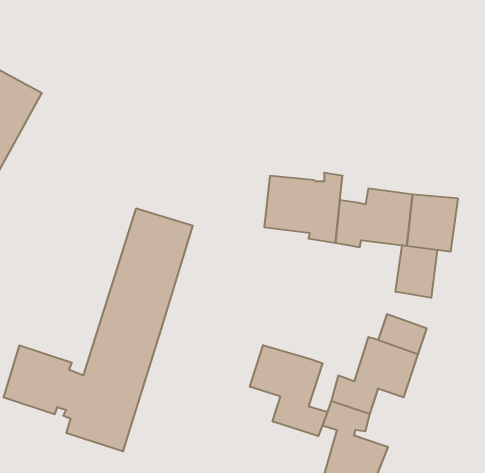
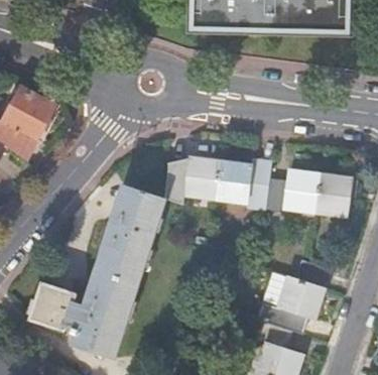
building: none -> [164,158,218,199]
building: [396,245,437,298] -> none
building: [250,345,328,436] -> none

